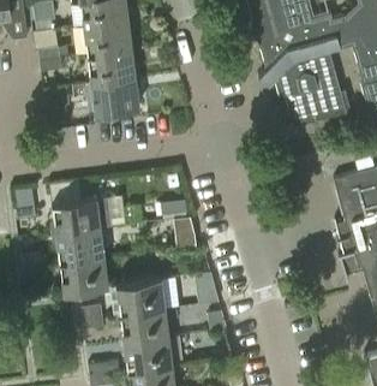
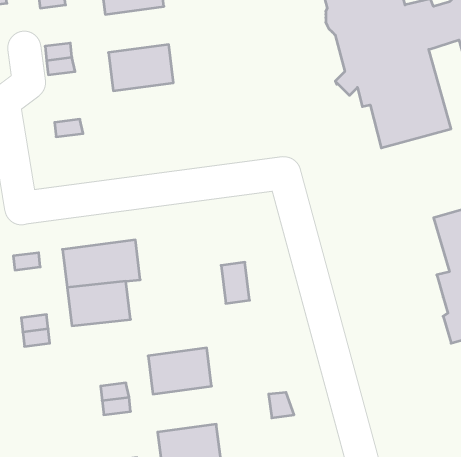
building: [85,20,133,55] -> none
building: [91,78,140,113] -> none
building: [60,257,108,292] -> none
building: [121,308,169,343] -> none

